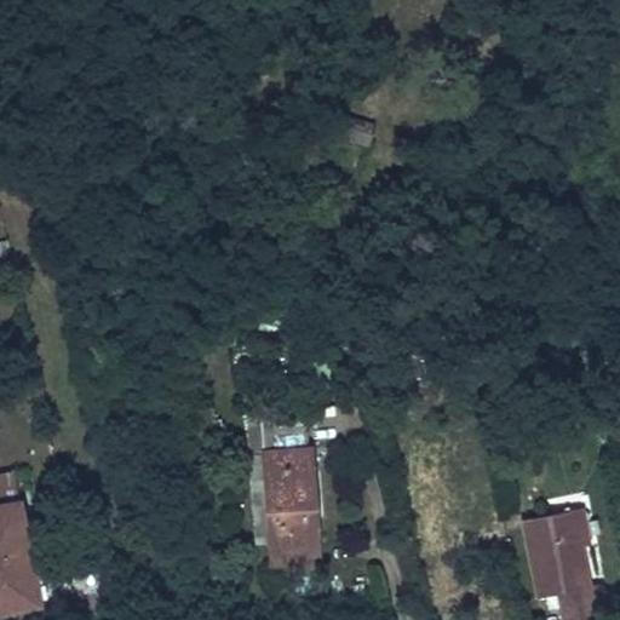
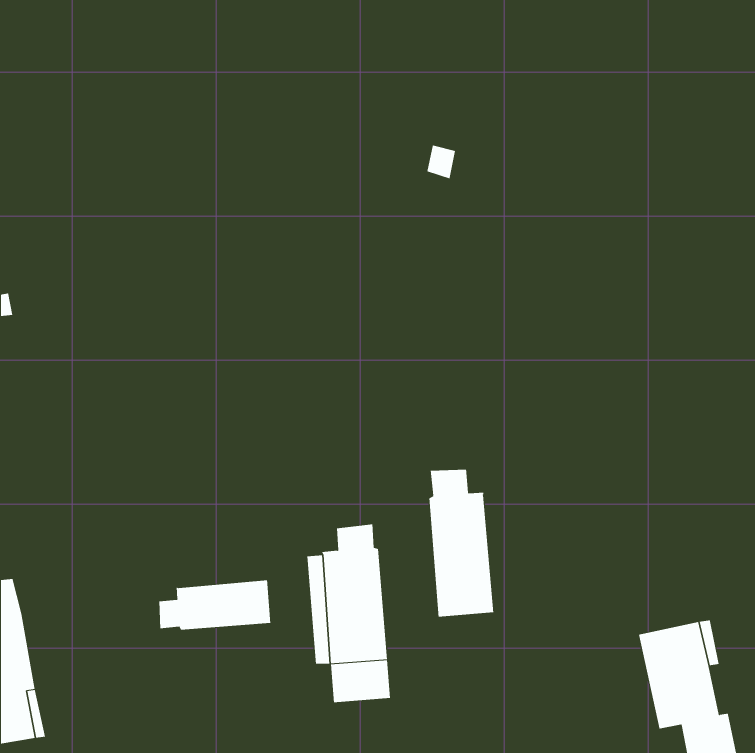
building: none -> [429,469,494,617]
building: none -> [159,580,271,630]

